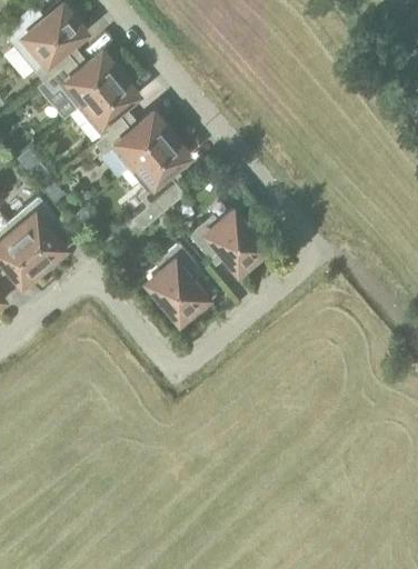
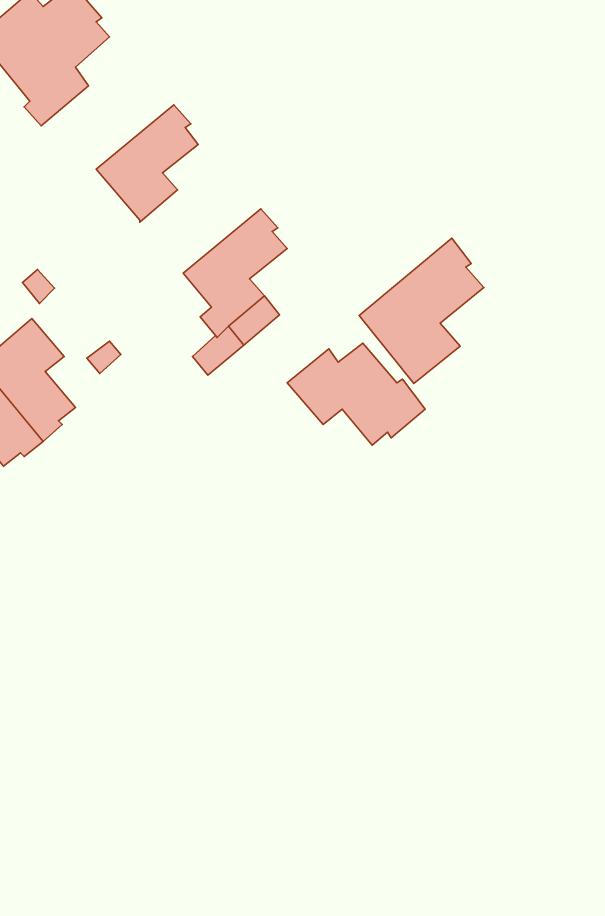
building: [41,51,125,119] -> none
building: [98,112,176,169] -> none
building: none -> [359,238,484,384]
building: [150,242,209,325] -> none

